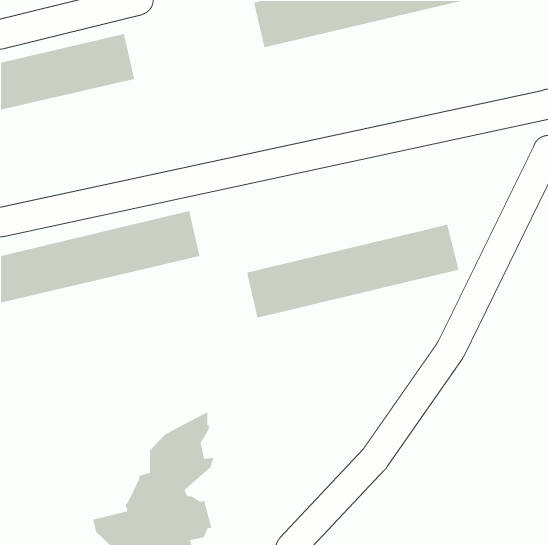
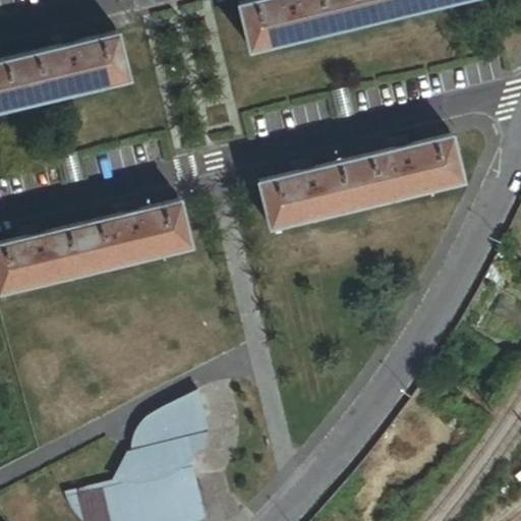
building: [246,224,459,318] -> [260,137,463,227]

